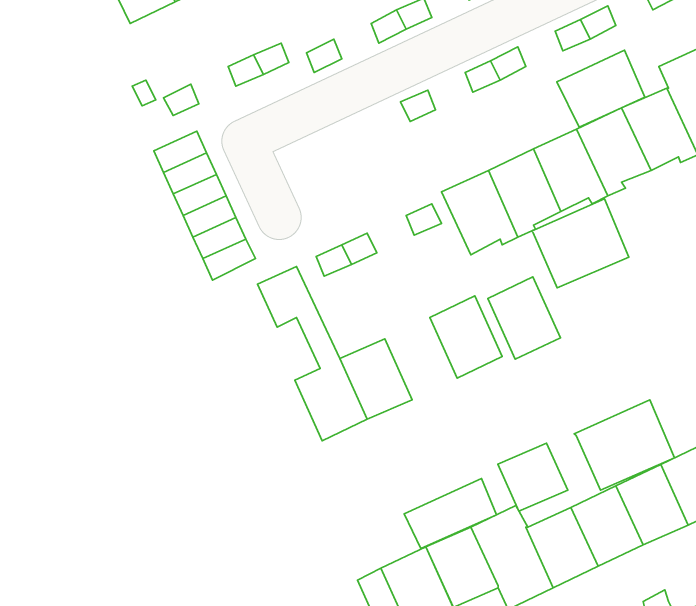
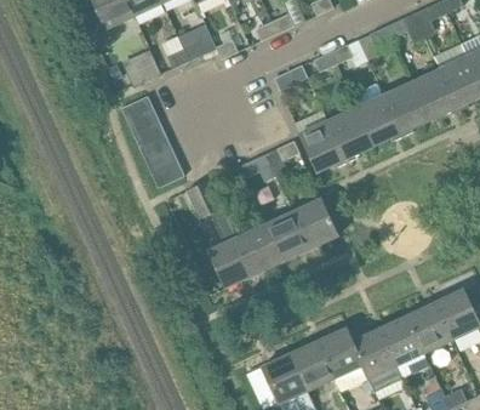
building: [557,50,645,127] -> none
building: [531,199,629,288] -> none
building: [488,277,560,359] -> [264,211,309,262]
building: [574,400,674,490] -> none
building: [498,443,568,511] -> none
building: [404,479,496,548] -> none

